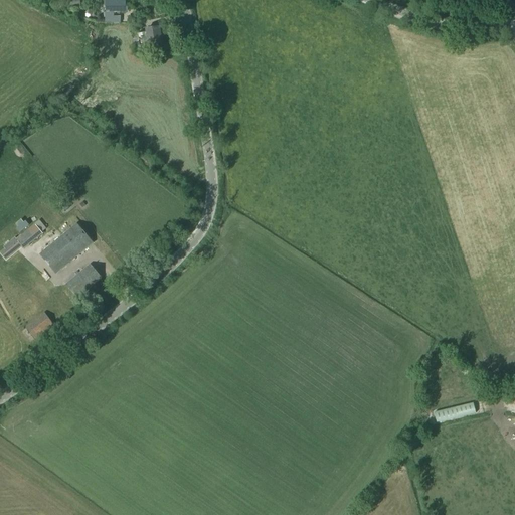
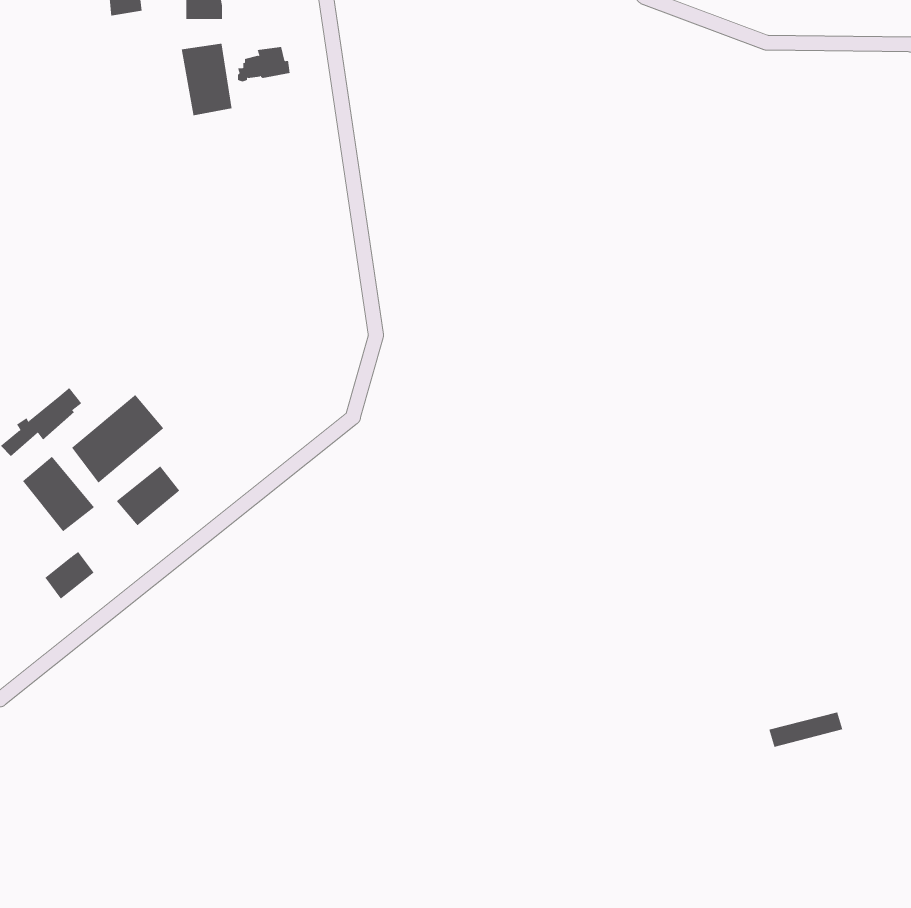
building: none -> [181,43,232,116]
building: none -> [22,456,95,532]

